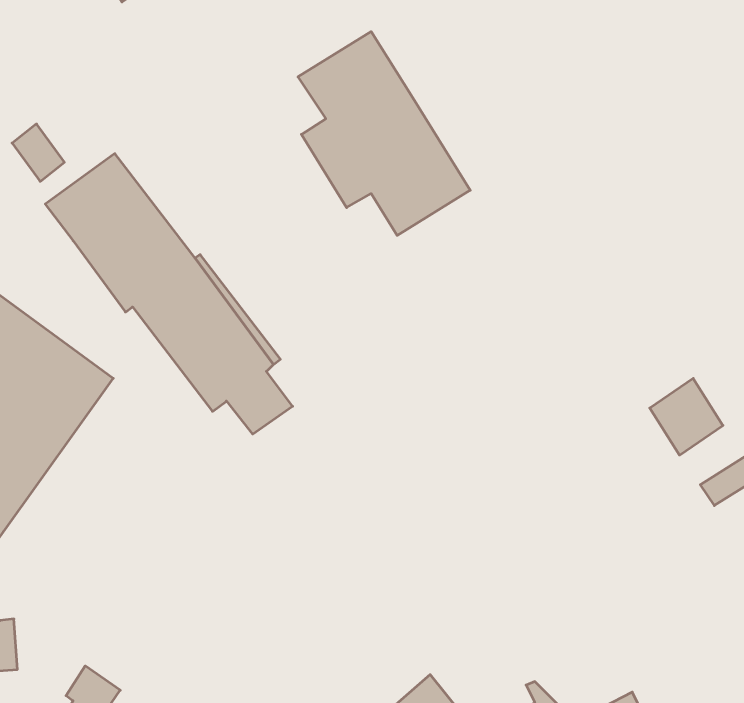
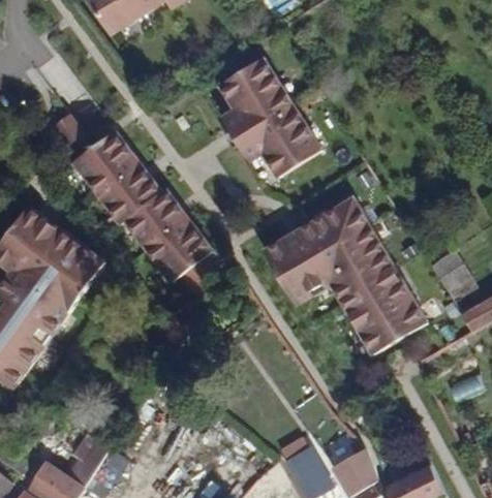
building: none -> [263,197,428,354]

